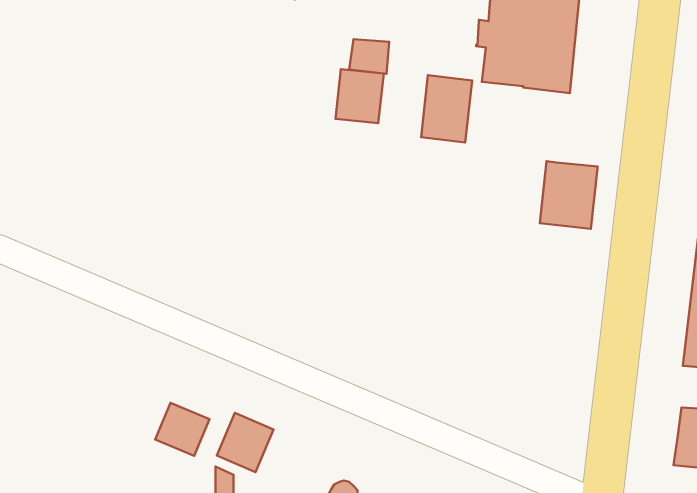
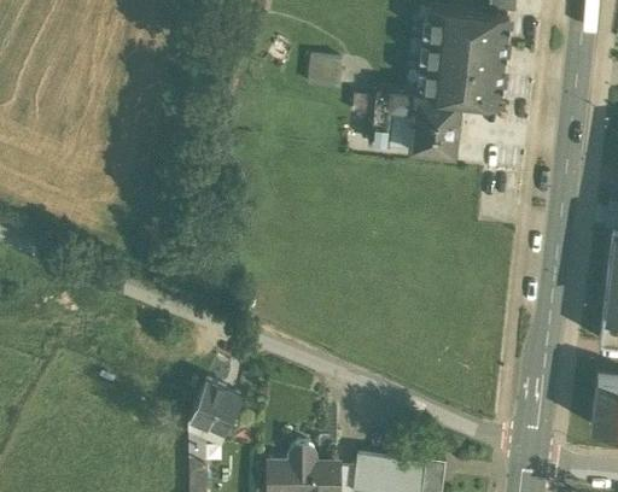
building: [335,69,384,123] -> none
building: [540,161,598,229] -> [409,92,460,151]
building: [155,403,209,456] -> none

